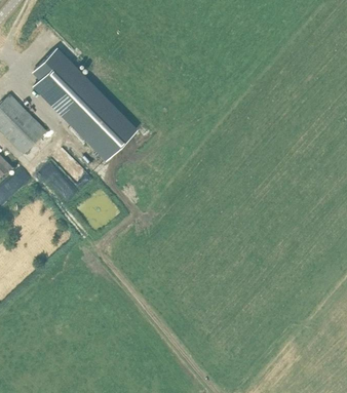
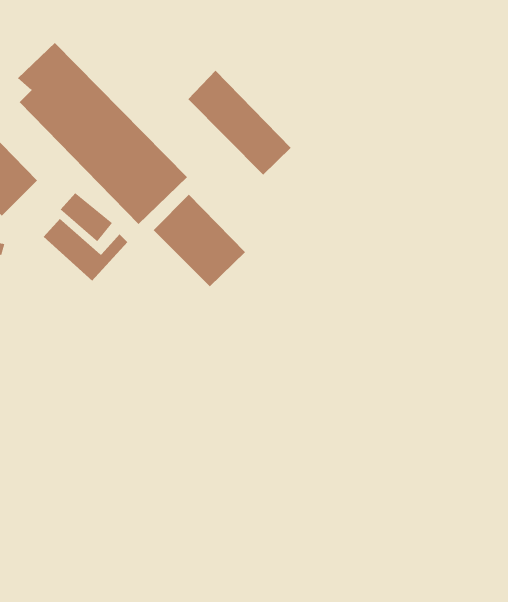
building: none -> [188,70,291,175]
building: none -> [153,194,246,287]

